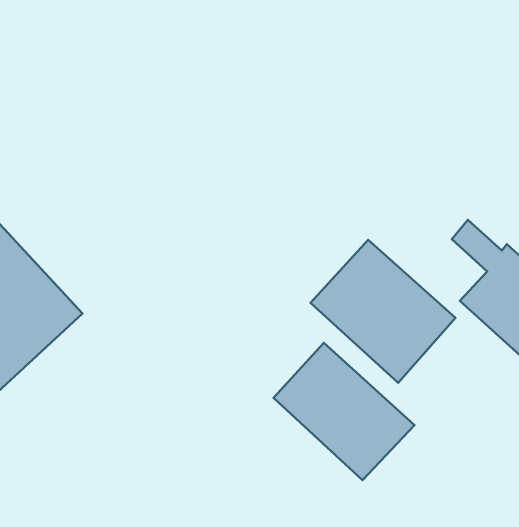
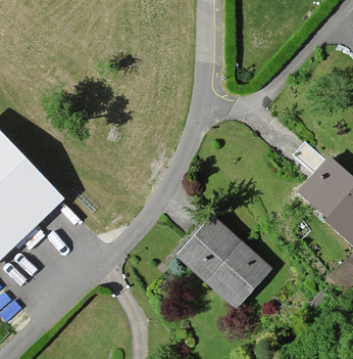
building: [310,240,456,383] -> none

